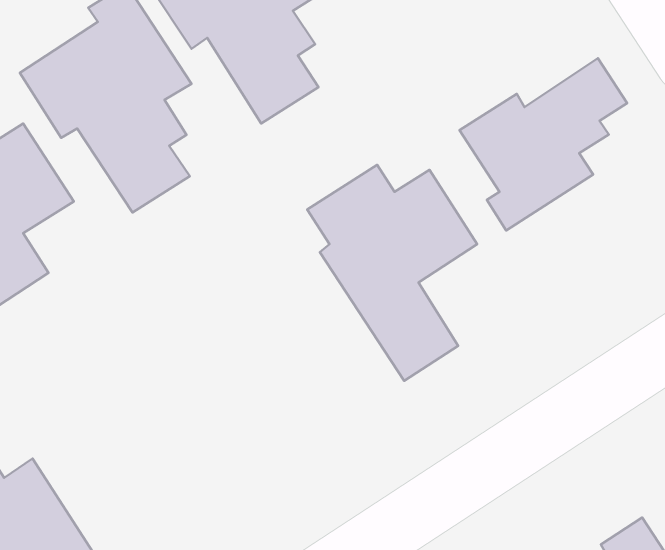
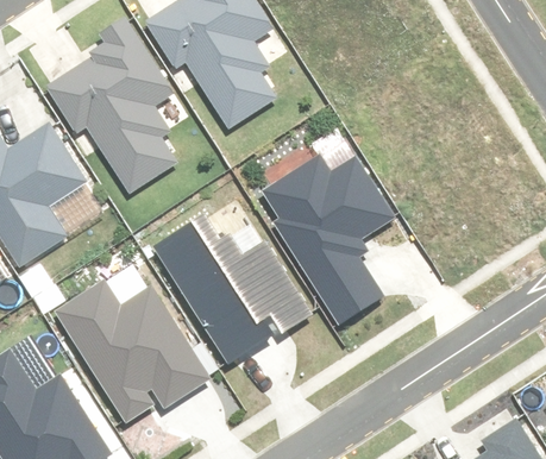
building: [460,58,627,231] -> none
building: none -> [152,215,307,361]
building: none -> [56,281,207,421]

